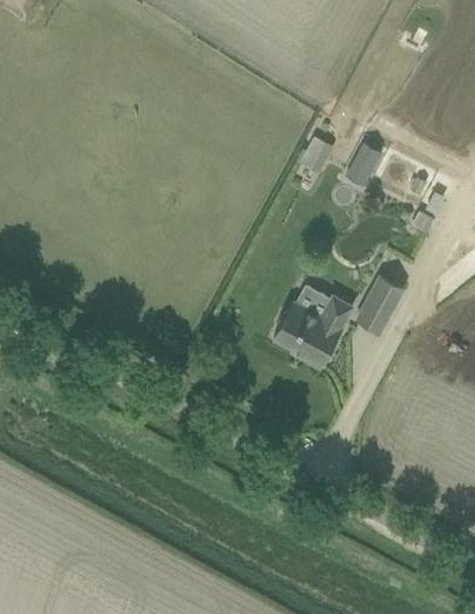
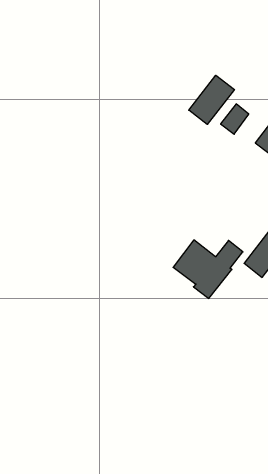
building: none -> [189,75,234,124]

